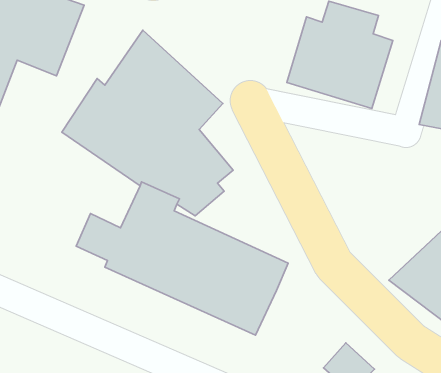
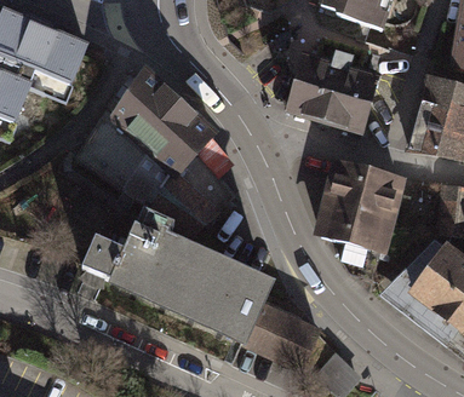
building: none -> [310,156,405,264]
building: none -> [251,303,325,372]

